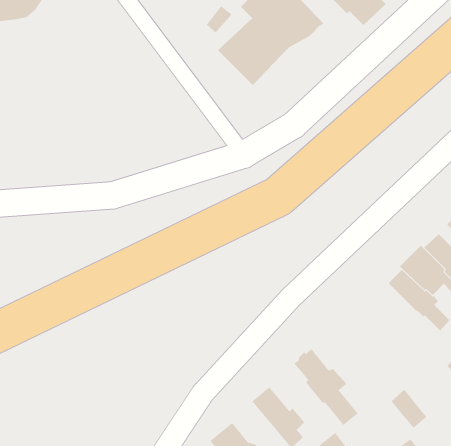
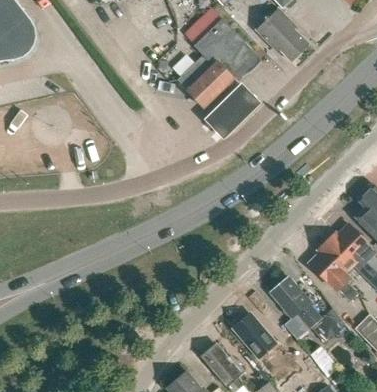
building: none -> [203,82,259,138]
building: none -> [271,275,345,341]

